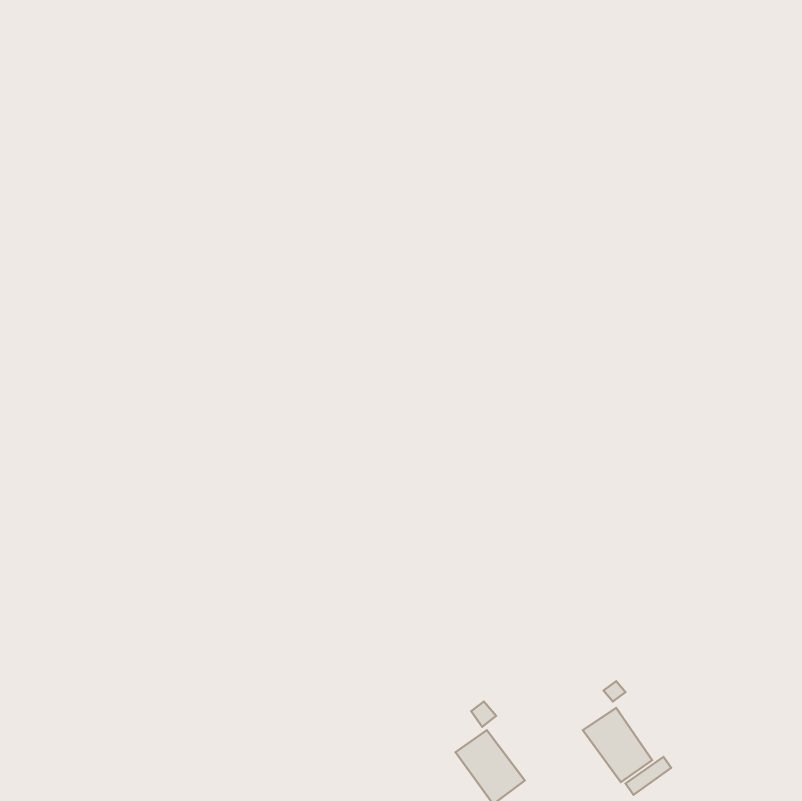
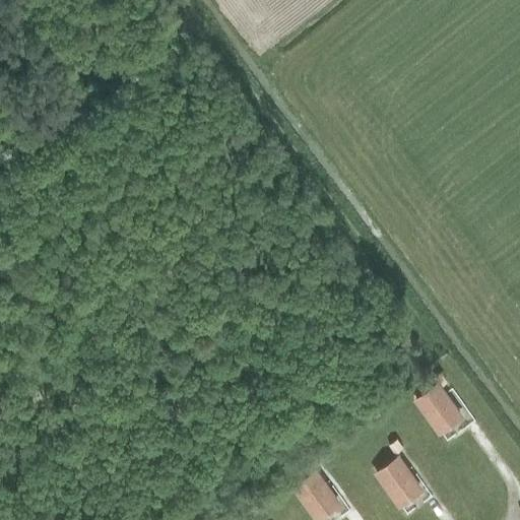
building: none -> [417,386,462,434]

